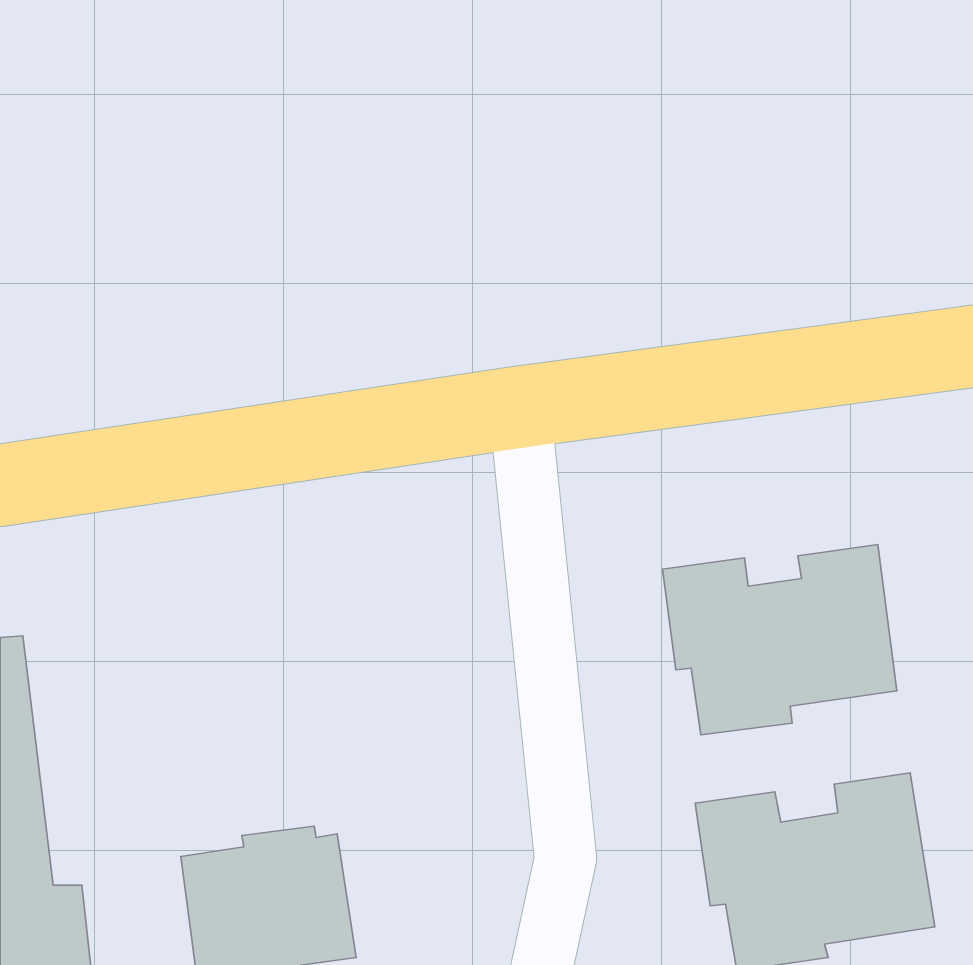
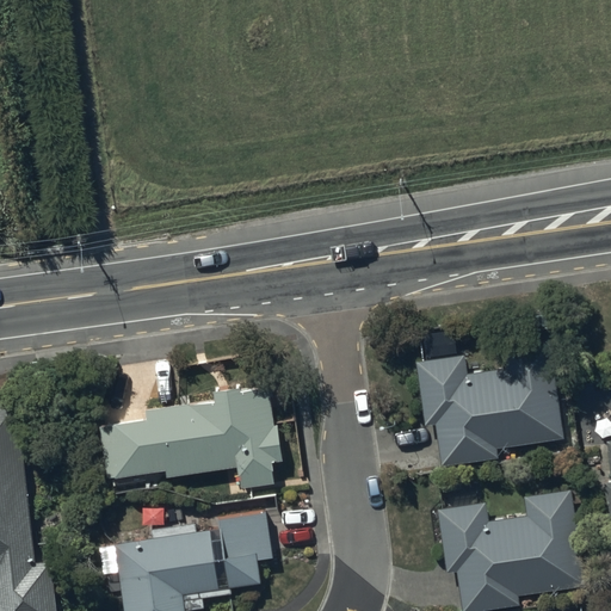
building: none -> [98,388,283,488]
building: none -> [218,511,273,586]

